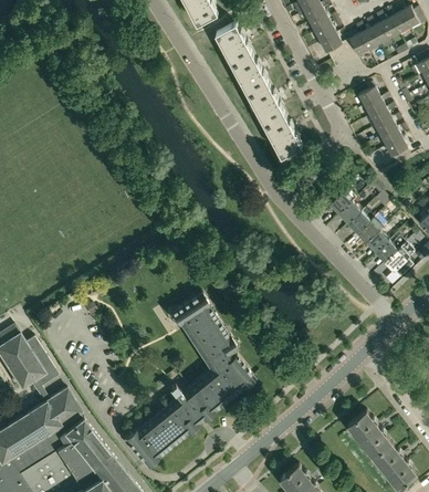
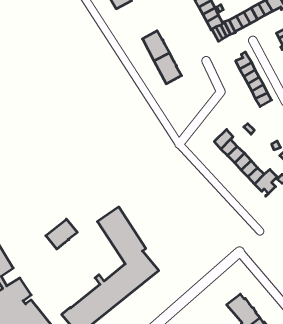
building: [216,23,252,65] -> none
building: [264,115,302,157] -> none
building: none -> [46,219,77,249]

